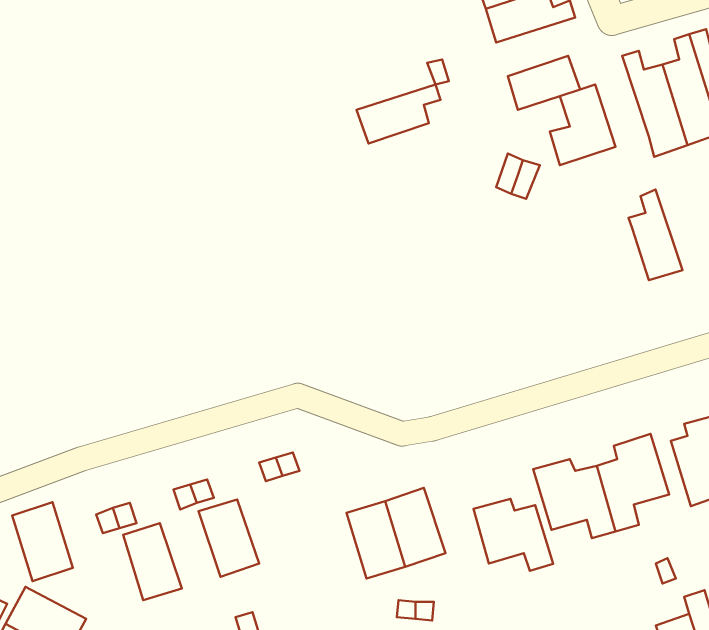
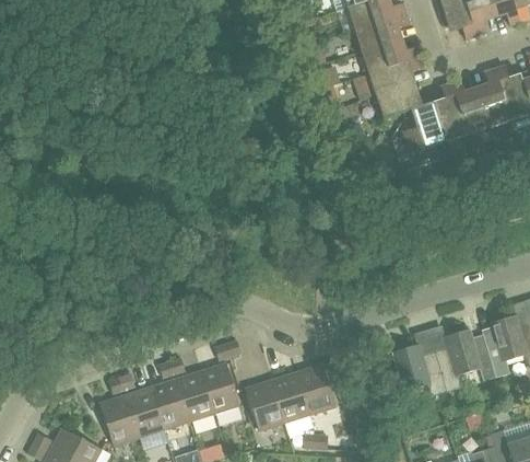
building: [357,85,441,143] -> [368,56,423,94]
building: [629,189,682,280] -> [433,81,468,140]
building: none -> [200,361,239,412]
building: [474,499,553,571] -> none
building: [12,502,73,581] -> [99,393,139,444]
building: none -> [150,378,189,428]
building: none -> [245,379,284,429]

